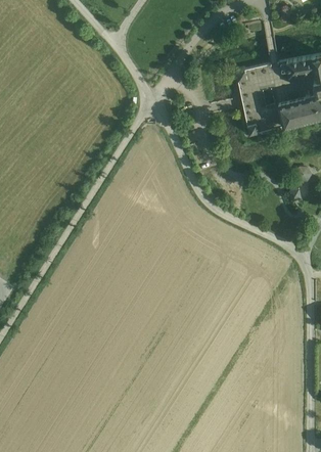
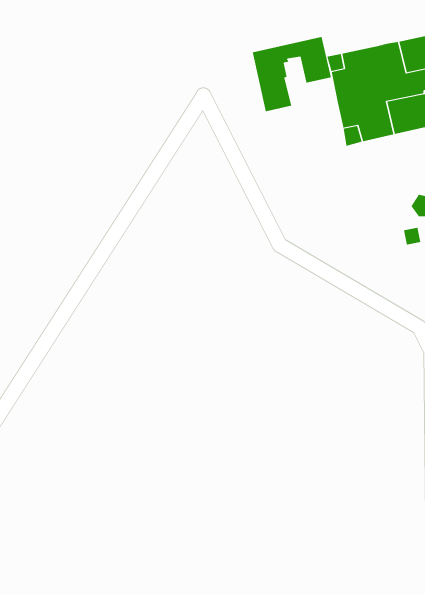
building: none -> [252,36,332,112]

